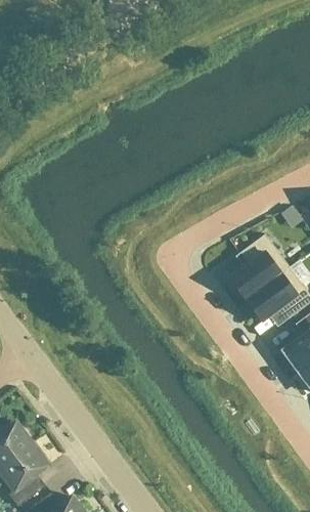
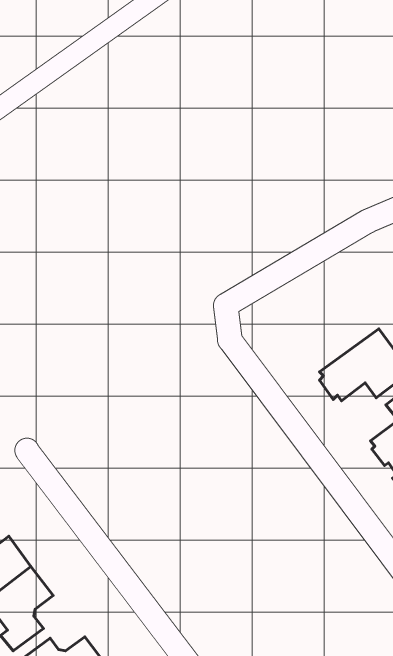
building: [229,234,290,300] -> none

